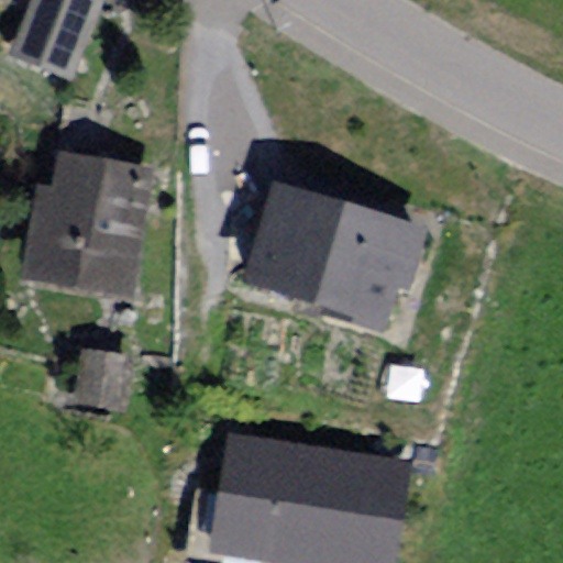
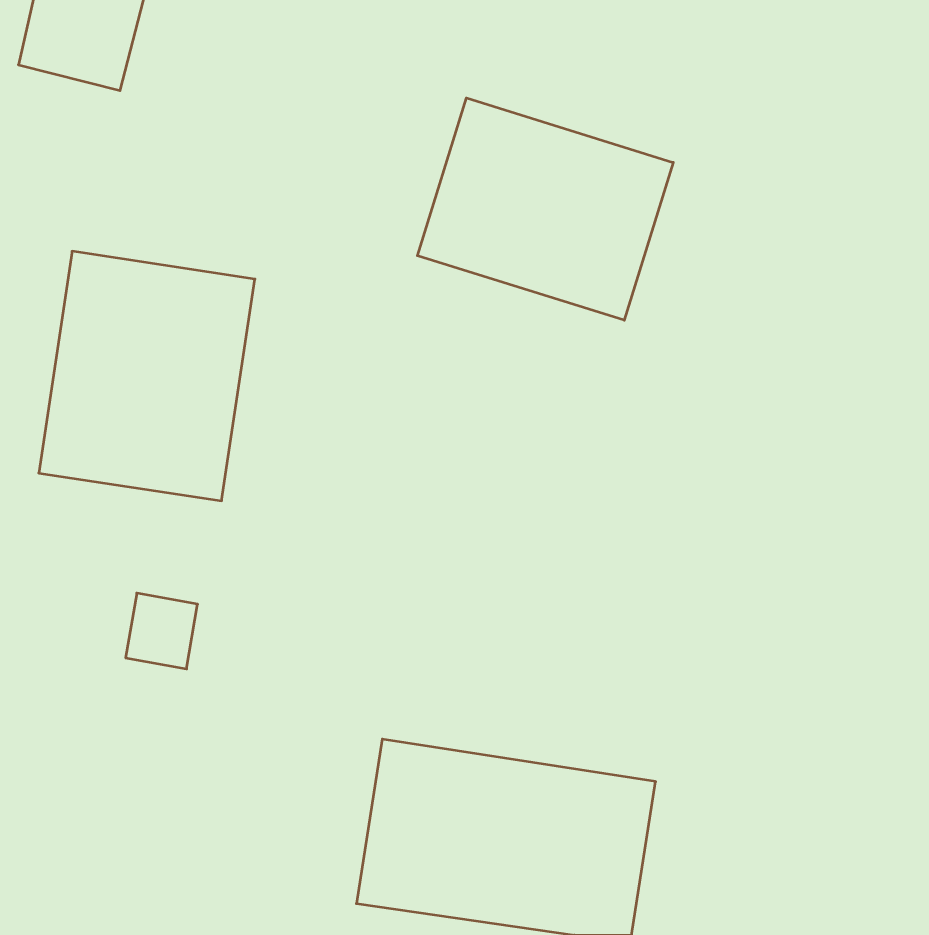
building: none -> [417,98,673,320]
building: [244,180,431,331] -> none

